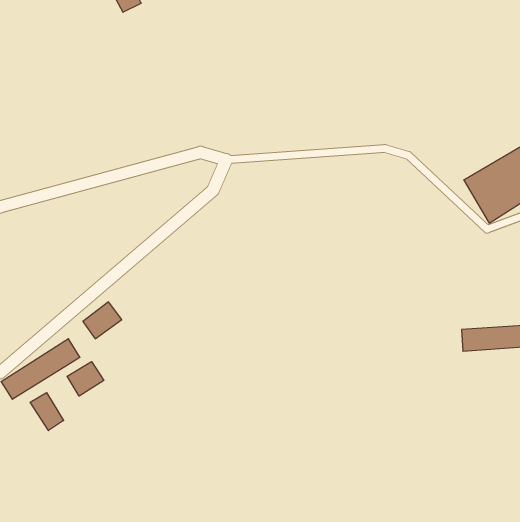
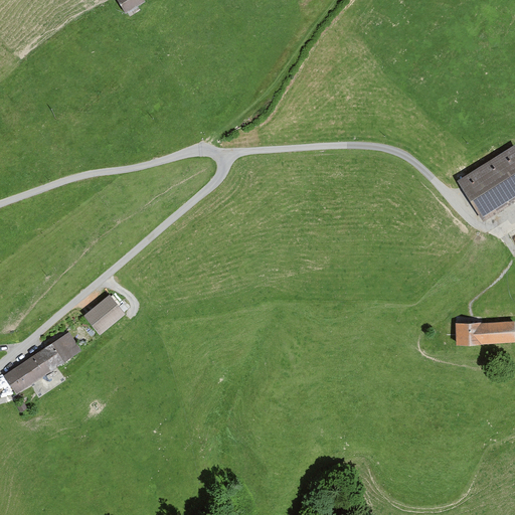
building: [67,362,104,396] -> none
building: [30,393,64,431] -> none

